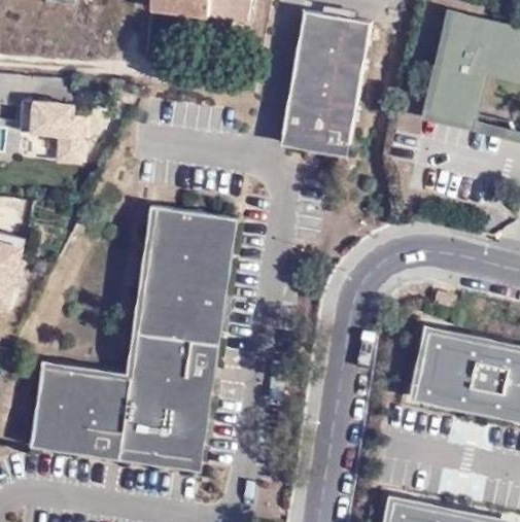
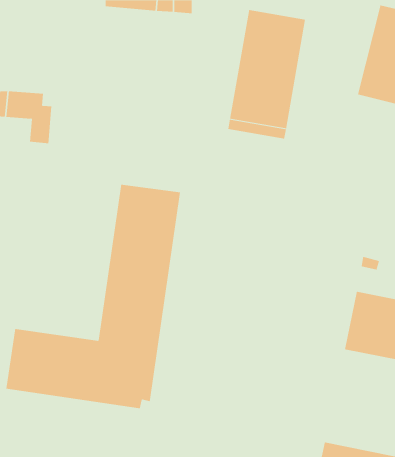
building: [40,206,160,384] -> none
building: [29,217,237,472] -> none

